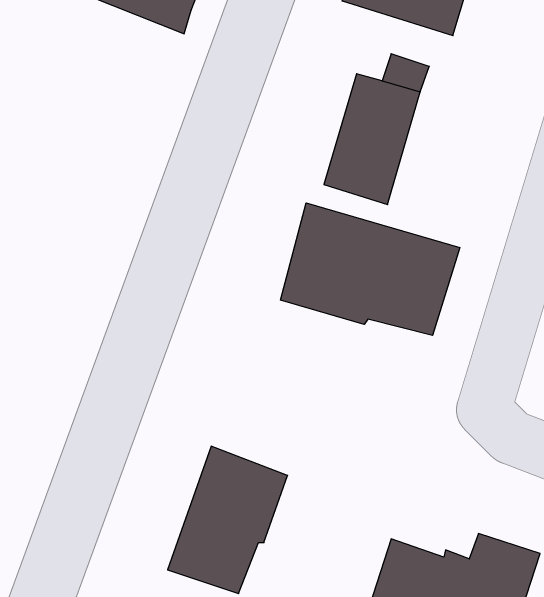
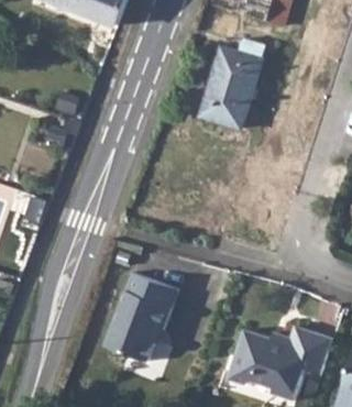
building: [281,203,460,335] -> none

